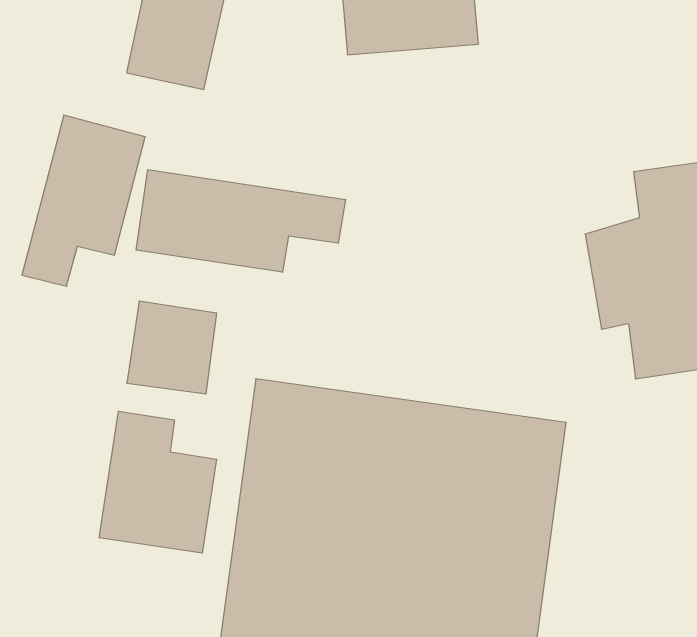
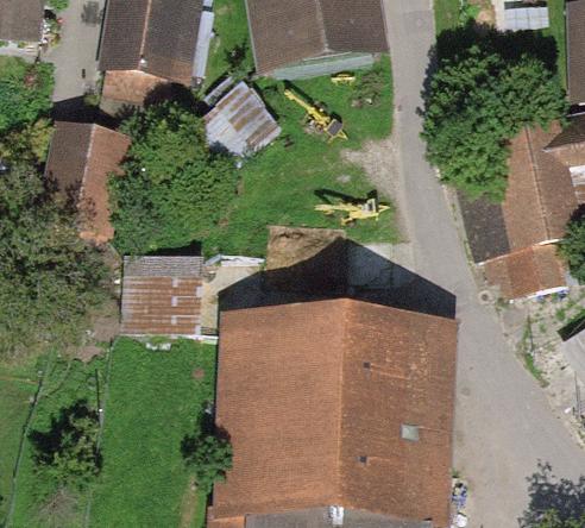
building: [136,170,345,272] -> none
building: [99,411,216,553] -> none

